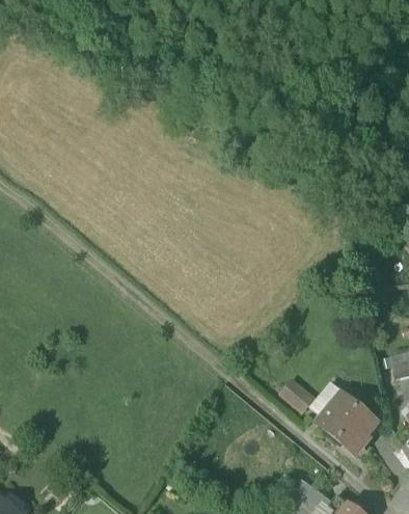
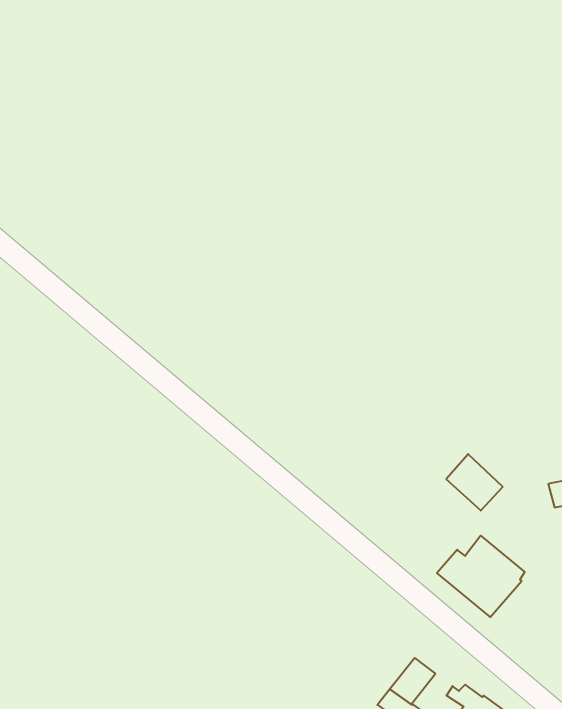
building: [277,374,315,411] -> [446,454,503,511]

